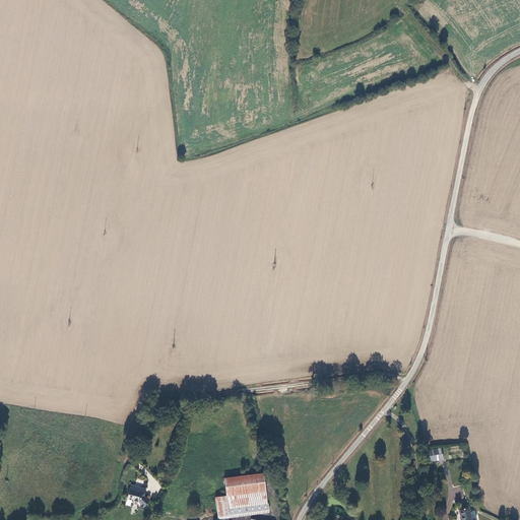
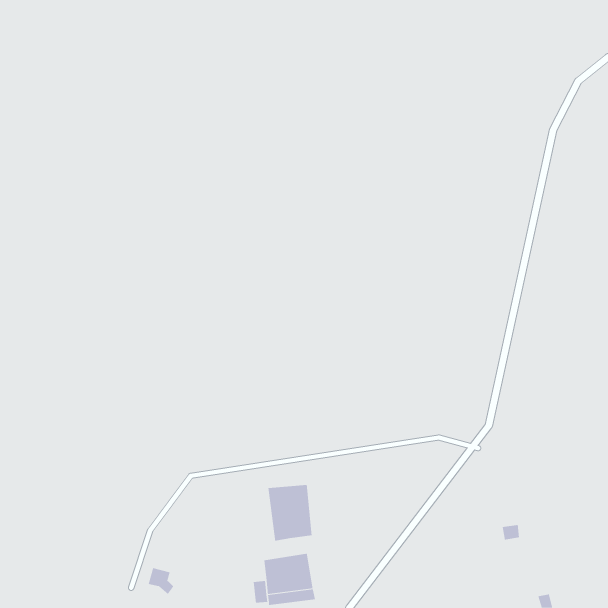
building: none -> [268,484,312,541]

